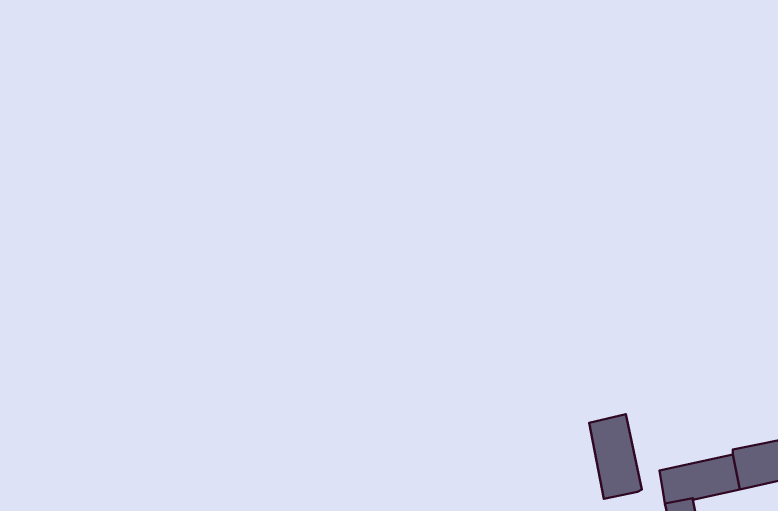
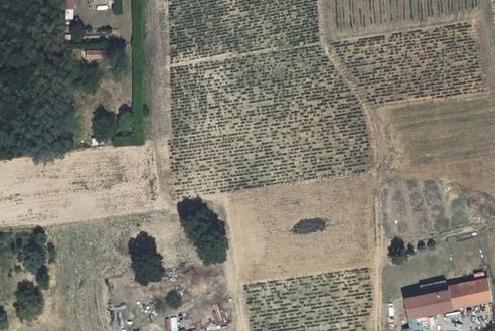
building: [589,414,642,499] -> none

